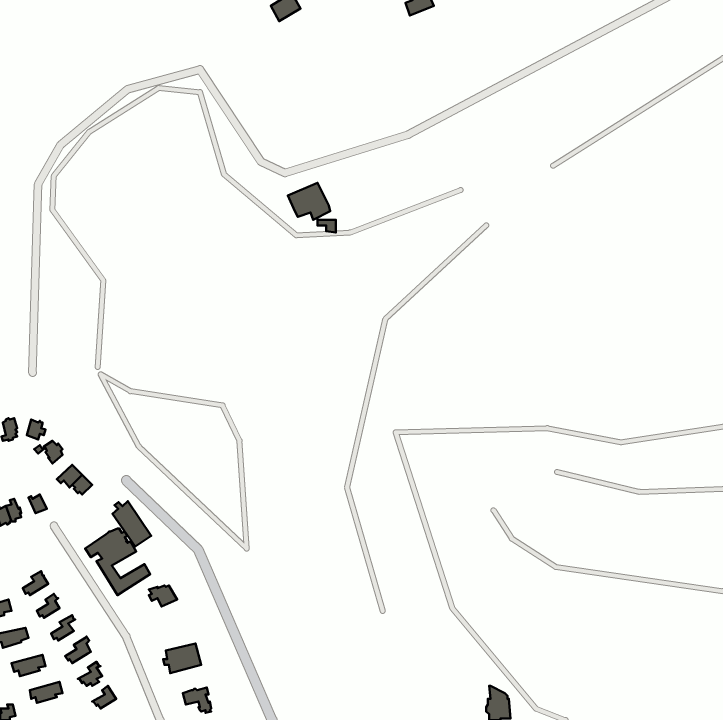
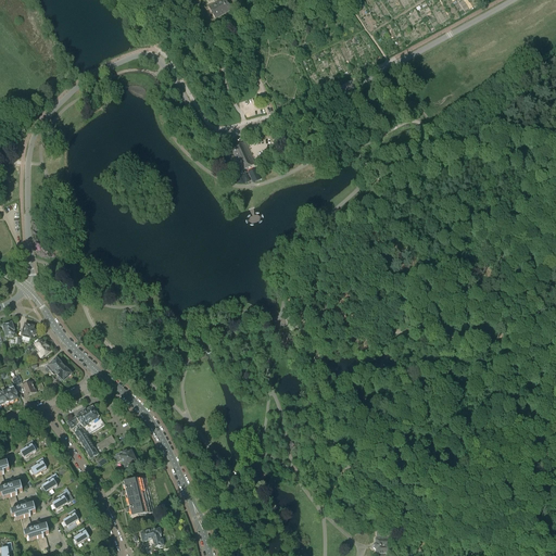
building: [113,501,151,547] -> none
building: none -> [121,476,150,498]

